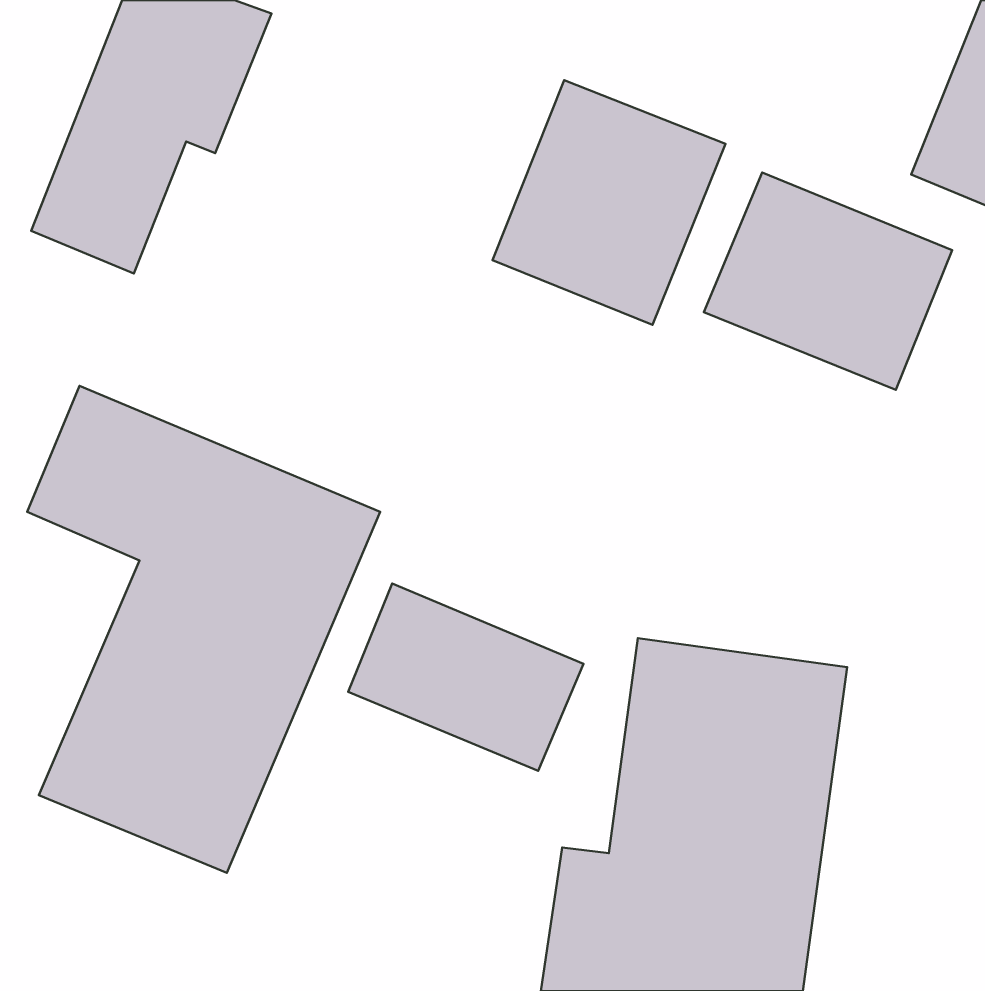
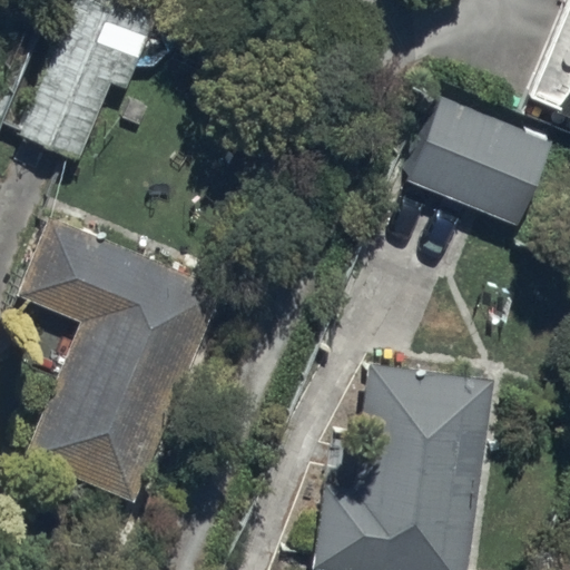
building: [493,80,726,325] -> none
building: [348,583,583,771] -> none

